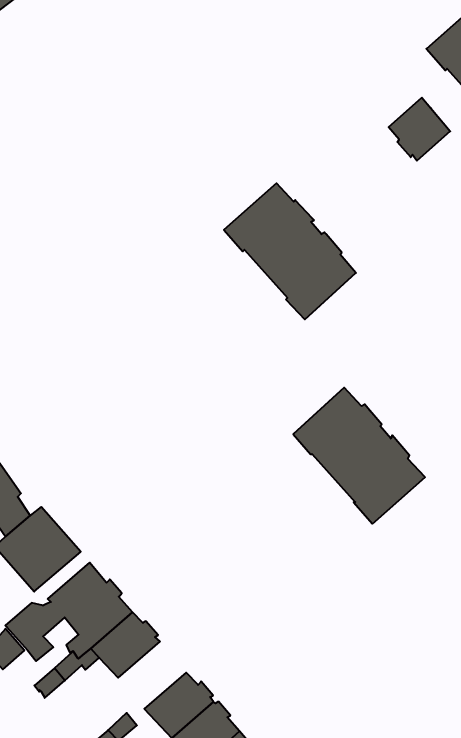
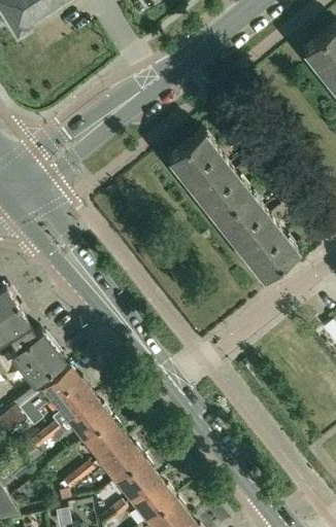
building: [389,98,450,161] -> none
building: [293,388,425,524] -> [214,194,297,281]
building: none -> [83,420,127,463]

